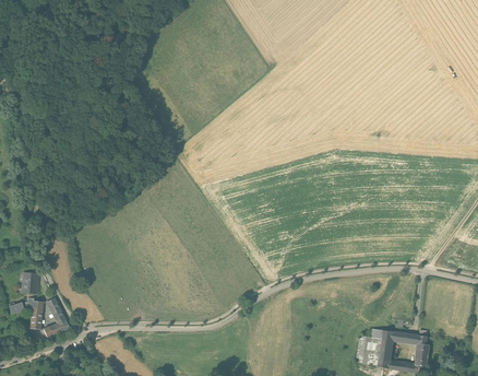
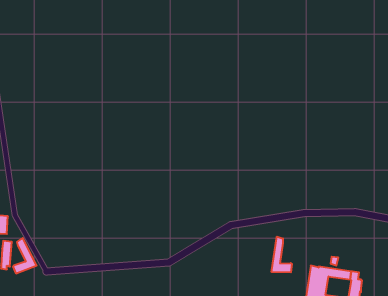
building: none -> [272,237,292,272]

